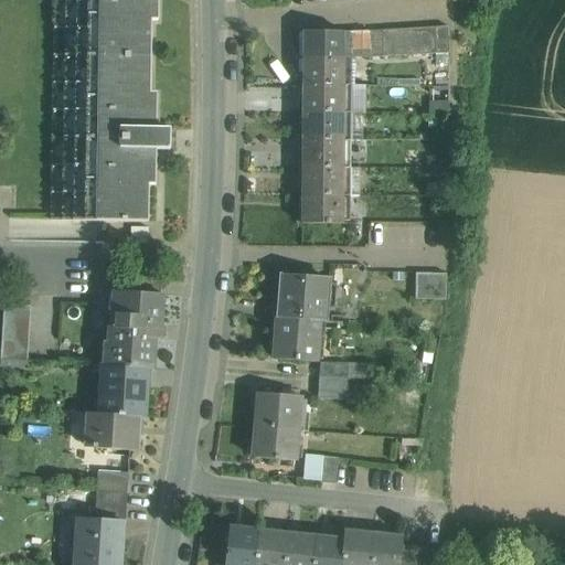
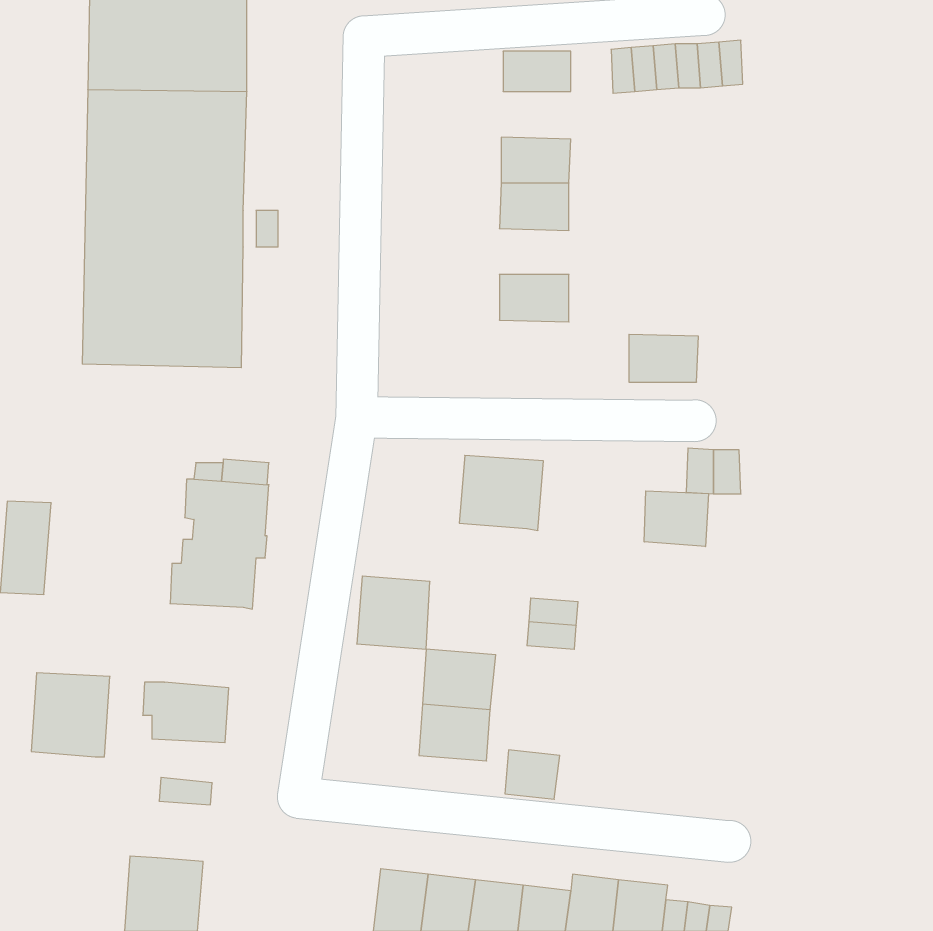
building: [303,55,355,84] -> none
building: [302,138,344,166] -> none
building: [302,193,344,222] -> [629,334,698,382]
building: none -> [644,491,709,547]
building: [275,316,319,360] -> [357,576,430,649]
building: [100,364,148,415] -> [31,673,110,757]
building: [96,490,129,521] -> none

